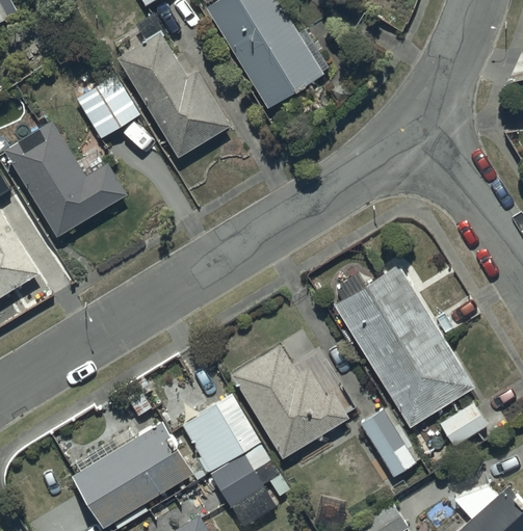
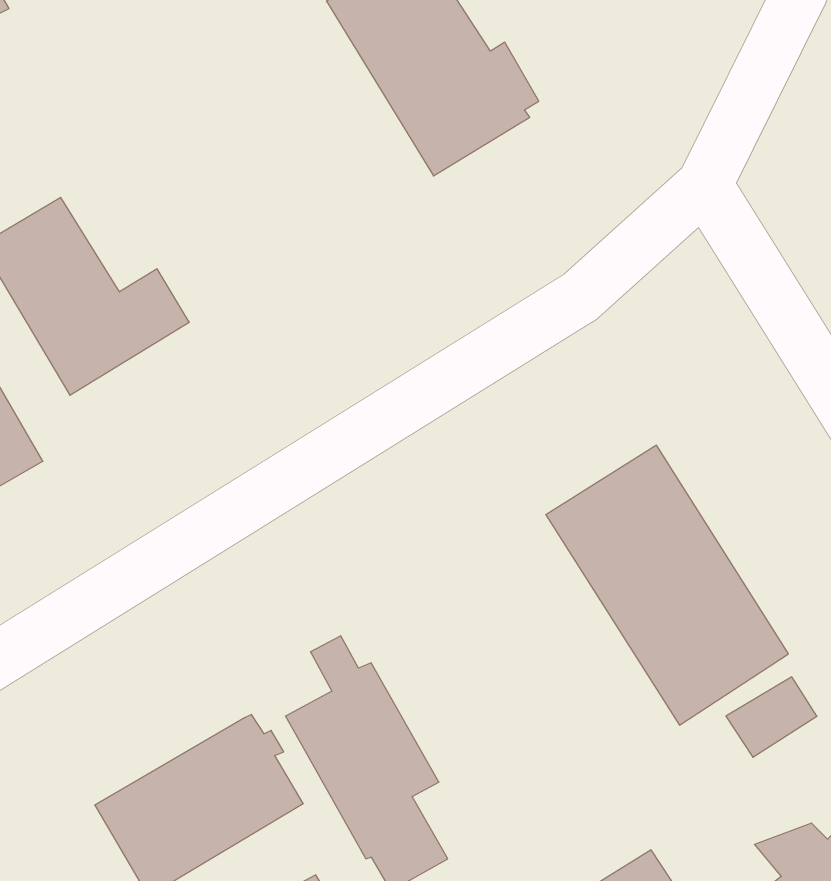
building: [117,11,231,158] -> none
building: [78,74,141,138] -> none
building: [232,346,348,458] -> none
building: [362,409,418,478] -> none

